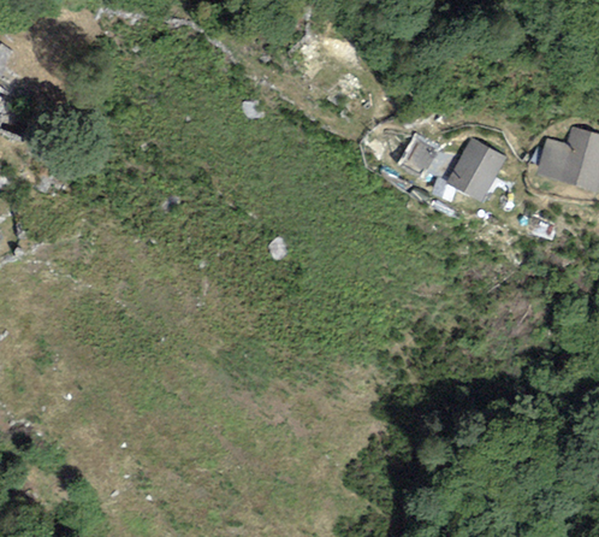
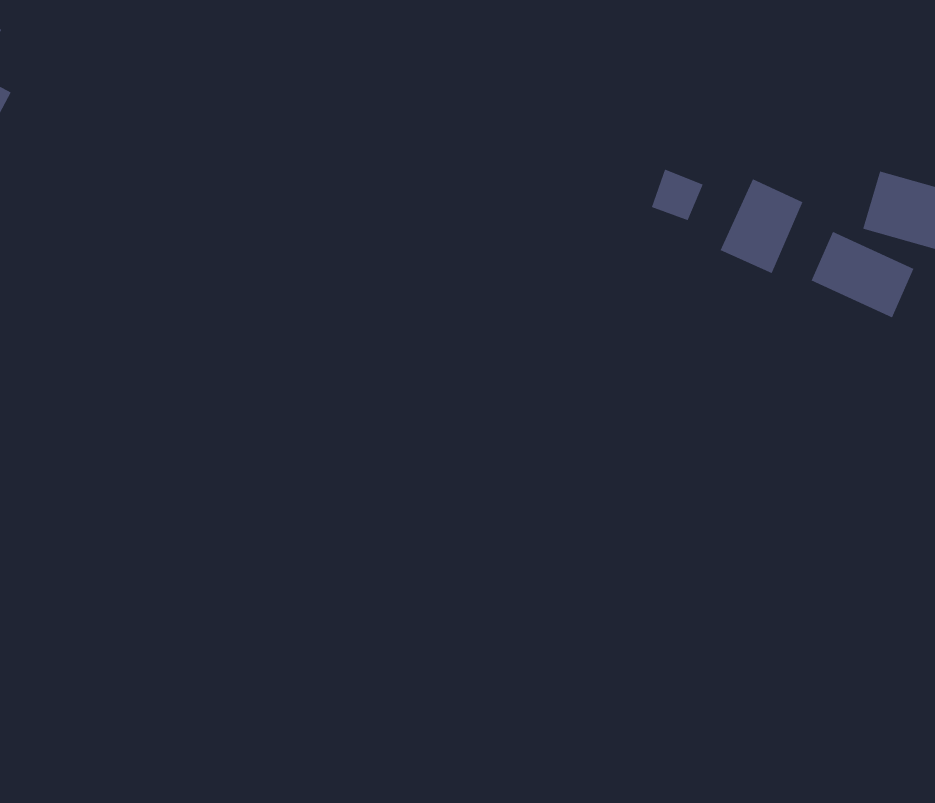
building: none -> [811,231,914,319]

